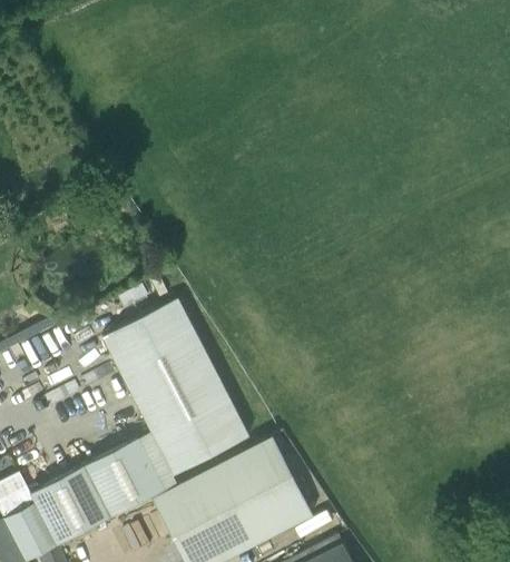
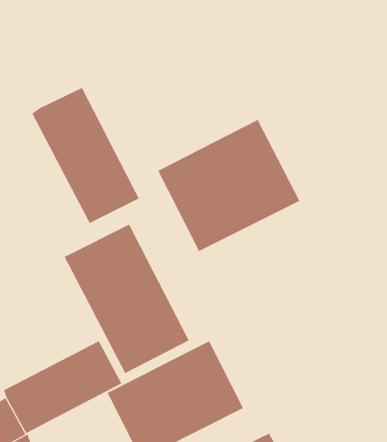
building: none -> [32,87,139,224]
building: none -> [157,119,300,252]

